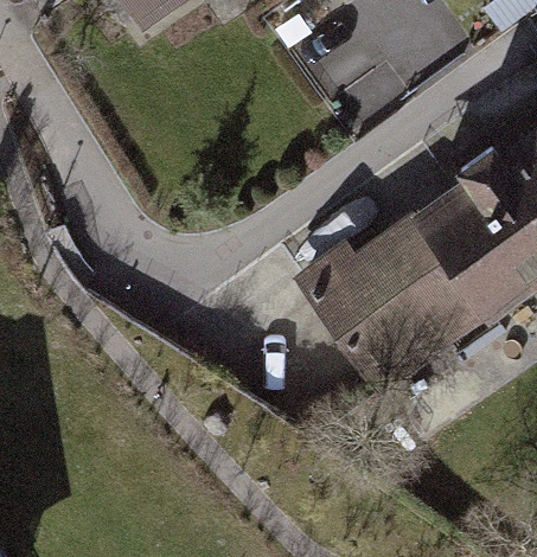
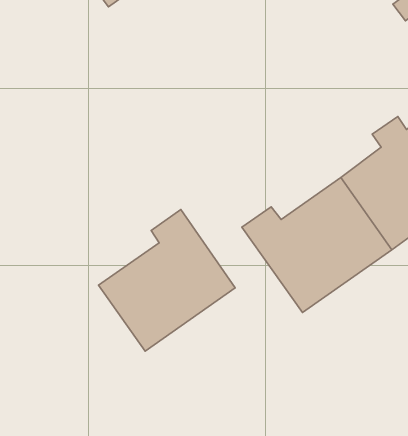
building: none -> [99,210,235,351]

